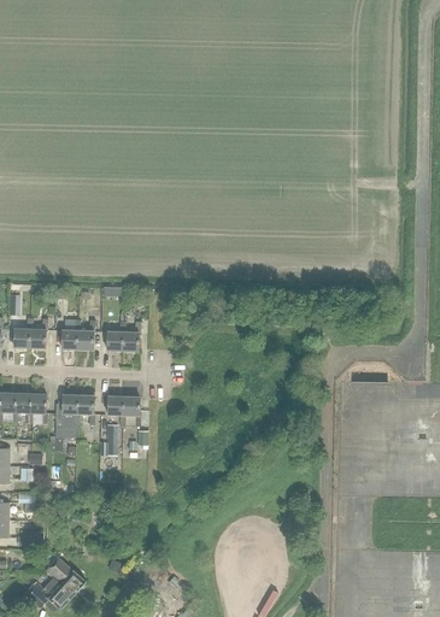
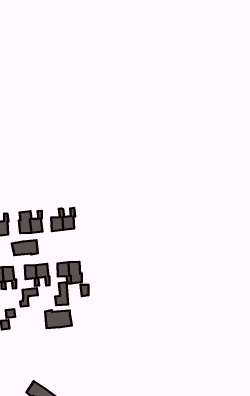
building: none -> [12,240,38,255]
building: none -> [45,310,72,328]

